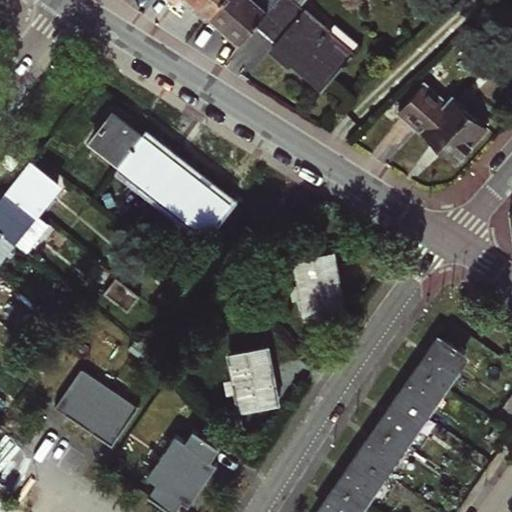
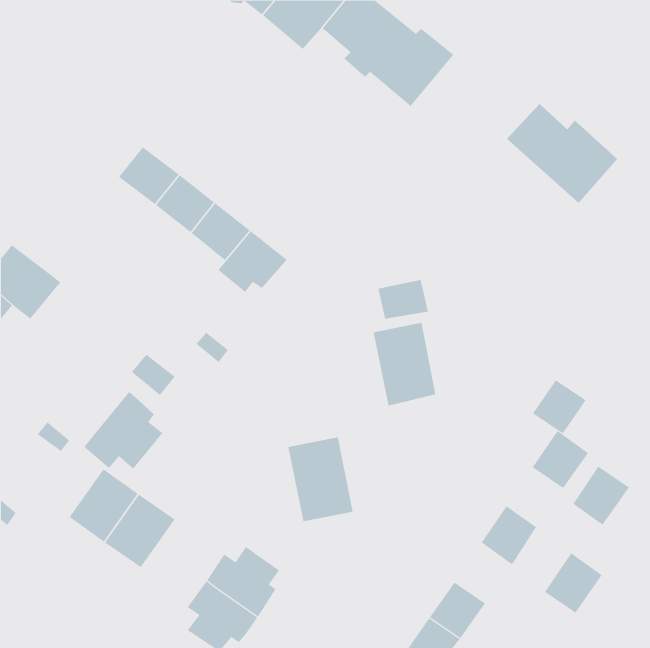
building: [9,166,57,213] -> none
building: none -> [378,279,429,320]
building: none -> [532,380,587,434]
building: none -> [84,391,163,470]
building: [398,369,443,416] -> [572,466,630,526]
building: [357,428,403,476] -> [544,552,603,614]

